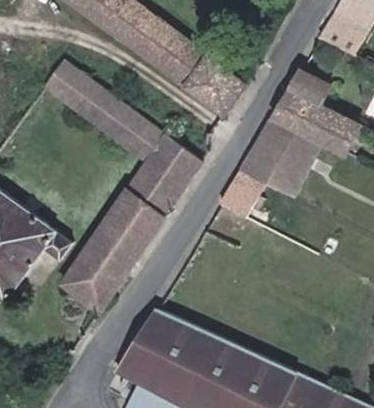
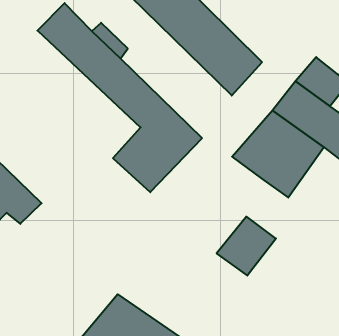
building: [214,167,265,220] -> [217,217,276,276]
building: [64,187,167,311] -> none

